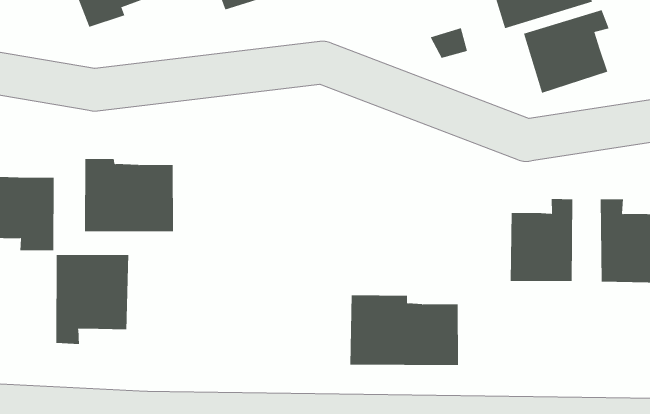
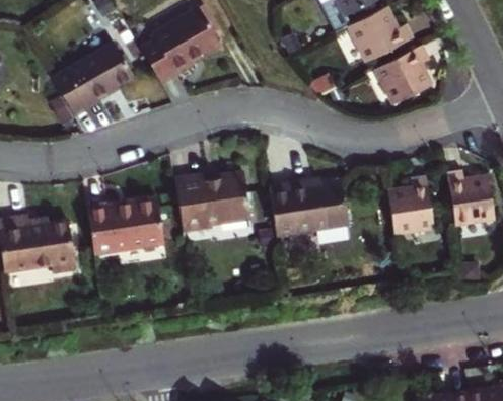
building: none -> [174,174,249,229]
building: [56,254,129,345] -> none
building: [350,295,459,365] -> [268,186,349,240]

